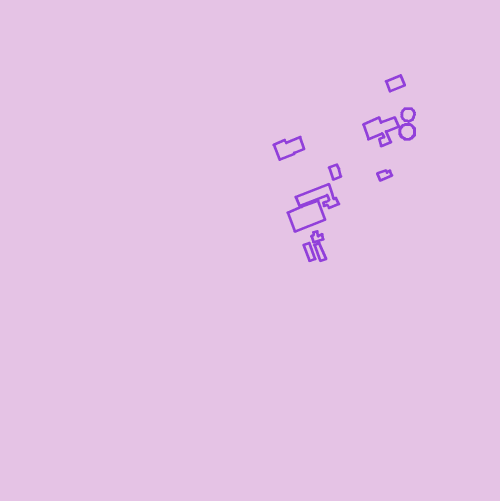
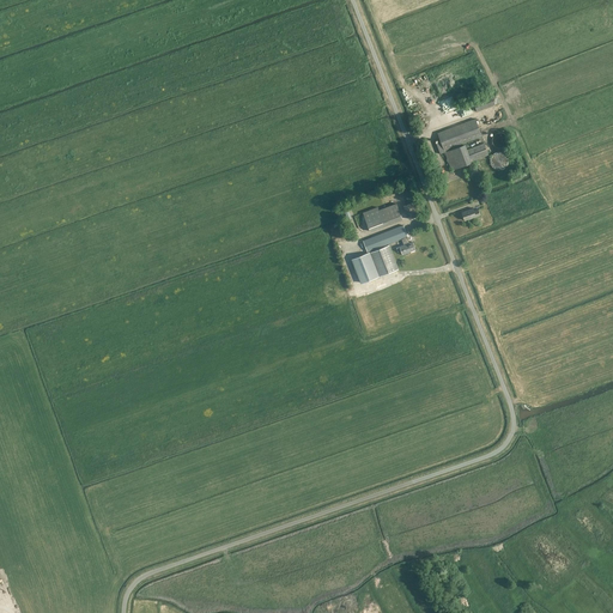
building: none -> [436,119,479,150]
building: [274,137,304,160] -> [362,204,399,231]

